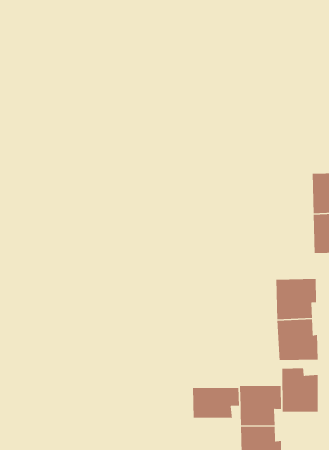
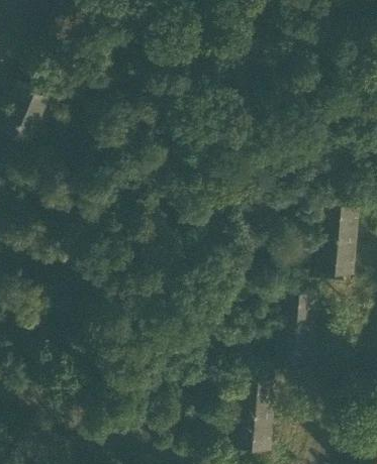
building: [281,368,319,413] -> none
building: [192,387,240,418] -> none

